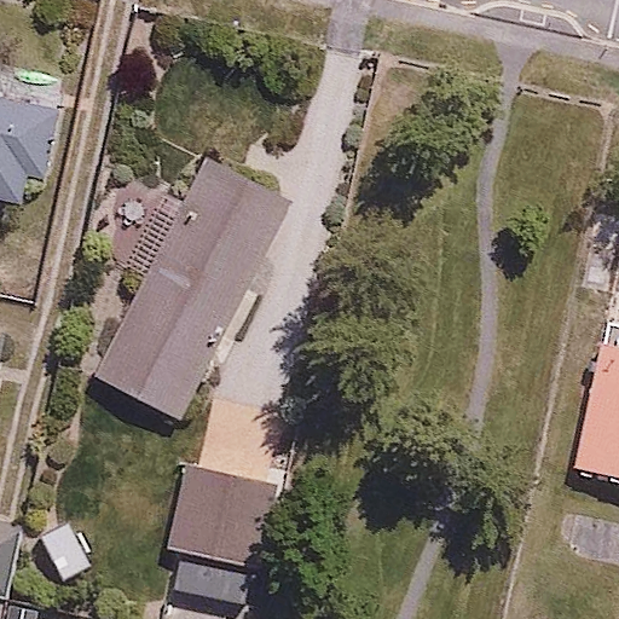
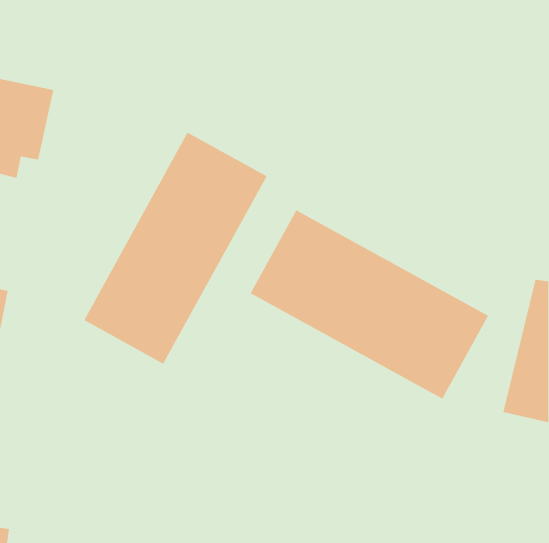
building: none -> [250,209,489,400]
building: [164,458,280,582] -> none

